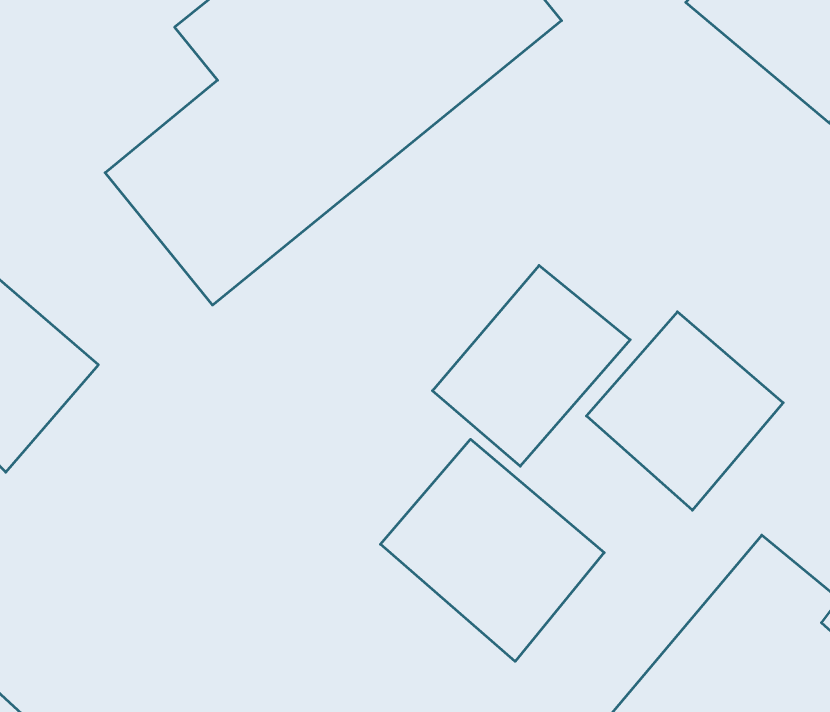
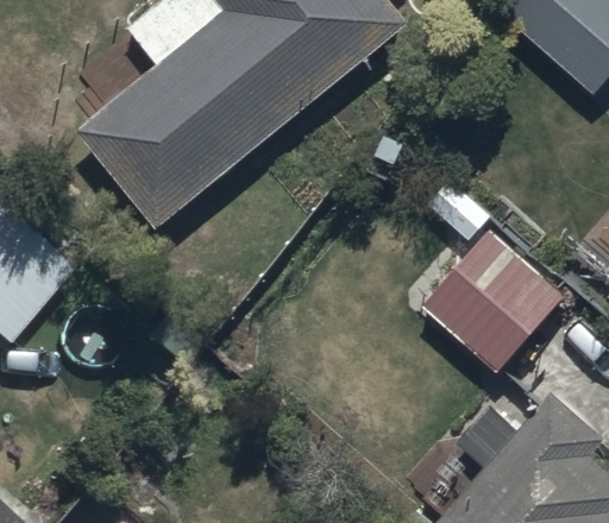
building: [432,265,630,466] -> none
building: [380,439,604,661] -> none

